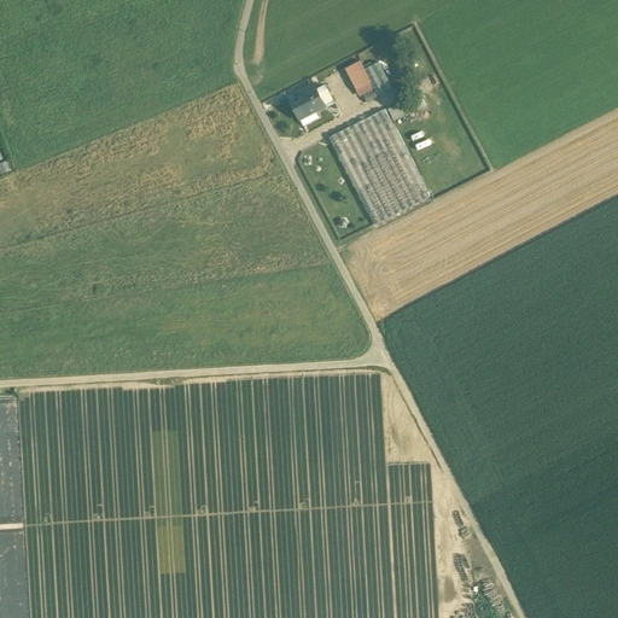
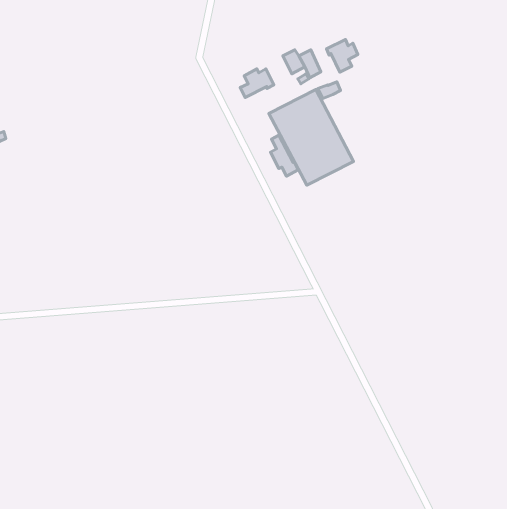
building: none -> [327,39,358,72]
building: none -> [271,135,298,176]

